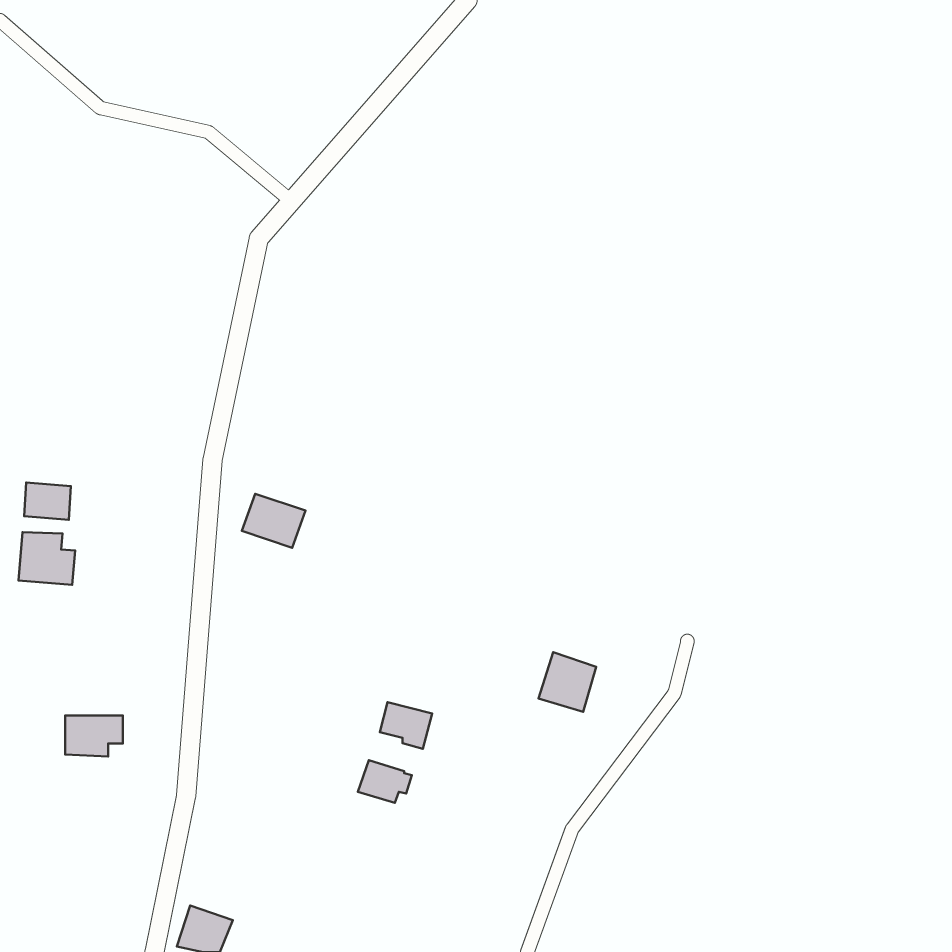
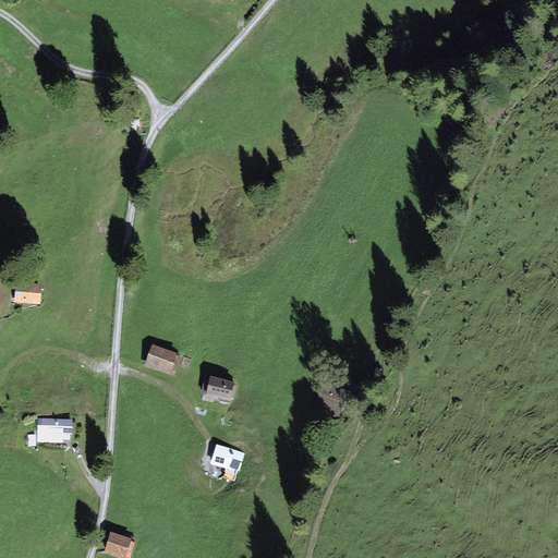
building: [242,494,305,548] -> [144,344,181,376]
building: [19,532,75,585] -> none
building: [380,702,432,749] -> [206,377,236,404]

